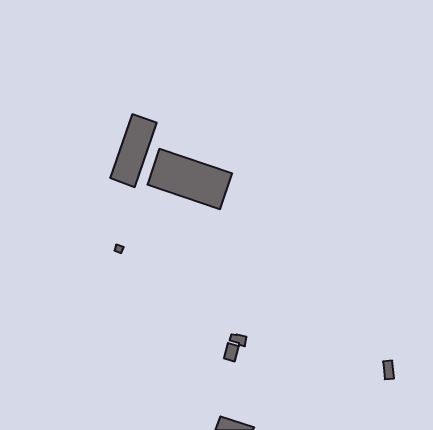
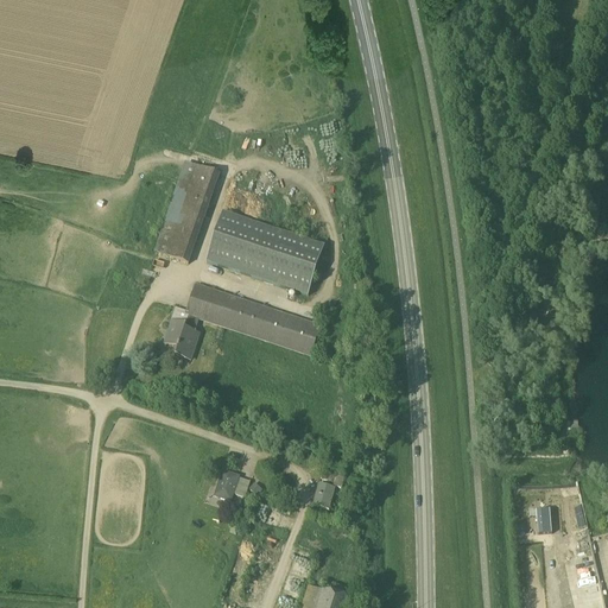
building: none -> [165,281,322,357]
building: none -> [214,468,251,501]

